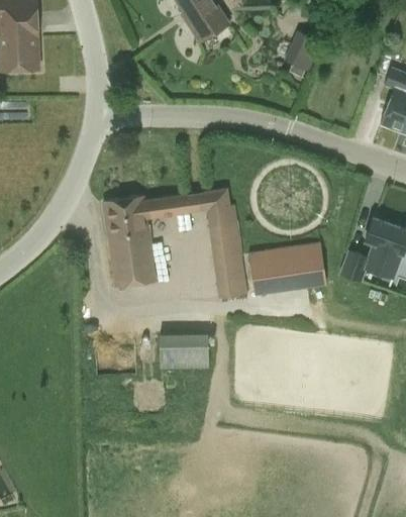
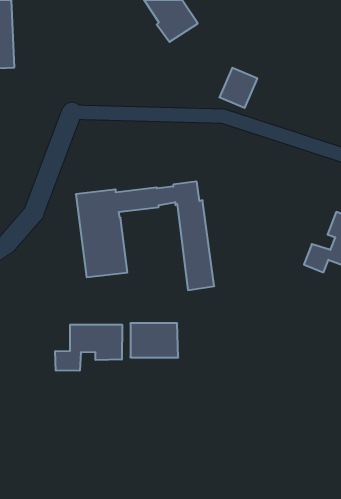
building: [283,30,322,72] -> [219,68,257,108]
building: [248,246,318,295] -> none
building: none -> [55,325,122,371]

